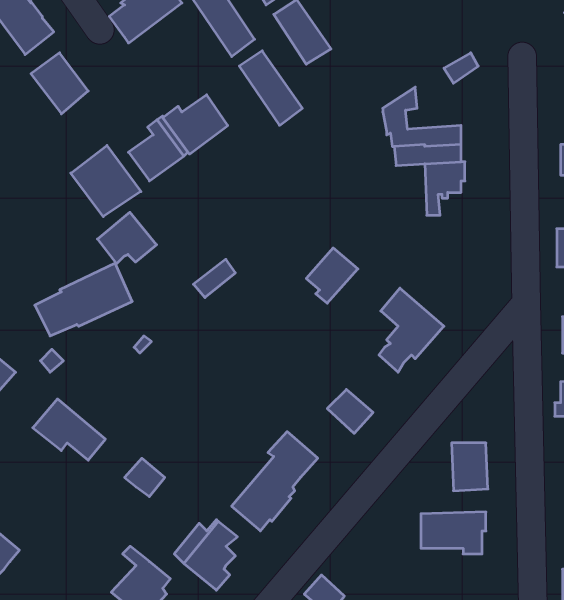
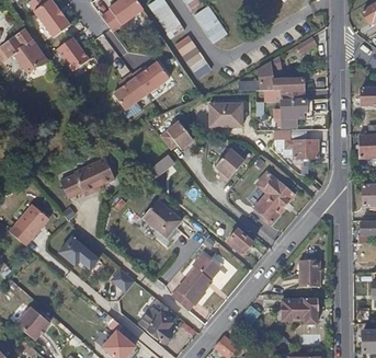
building: [71,145,141,217] -> none
building: none -> [209,102,242,126]
building: [97,212,157,264] -> [159,120,193,150]
building: none -> [286,138,319,159]
building: none -> [143,199,182,238]

